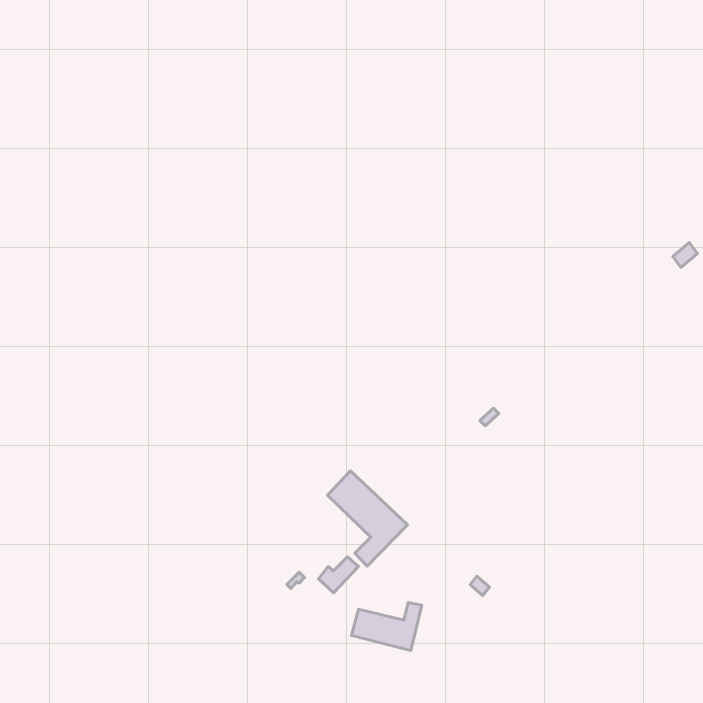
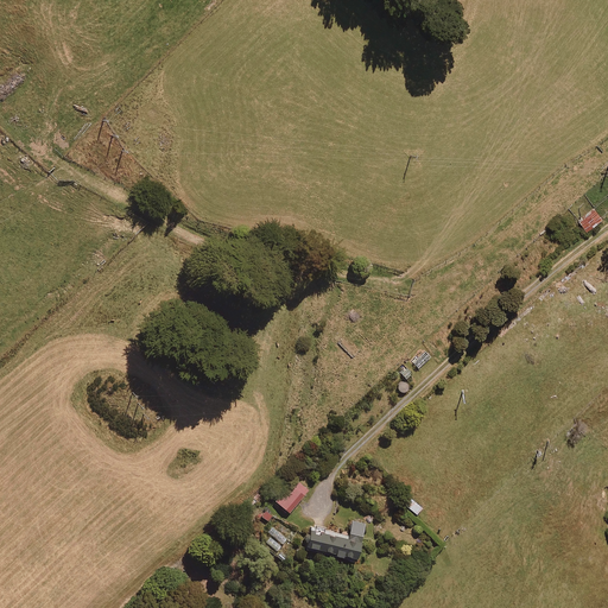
building: [328,471,407,566] -> none

